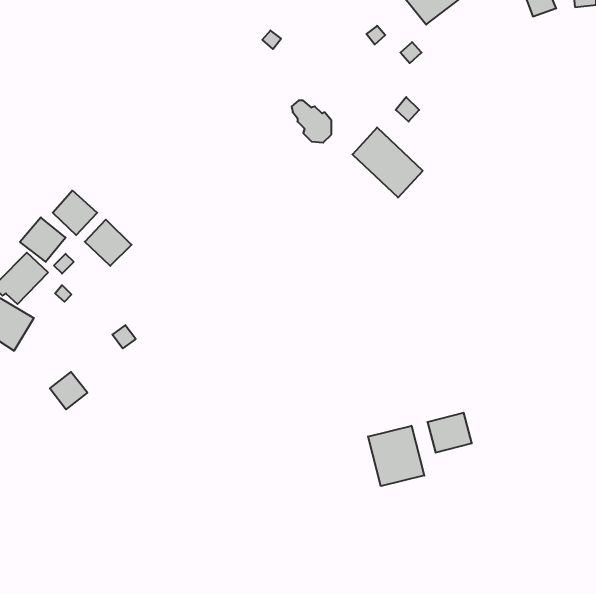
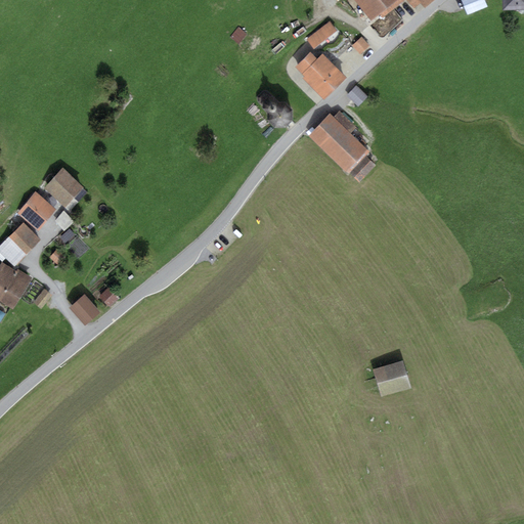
building: none -> [293,48,342,93]
building: [85,220,132,266] -> none
building: [50,372,87,409] -> [69,293,101,325]
building: [368,426,424,486] -> none

